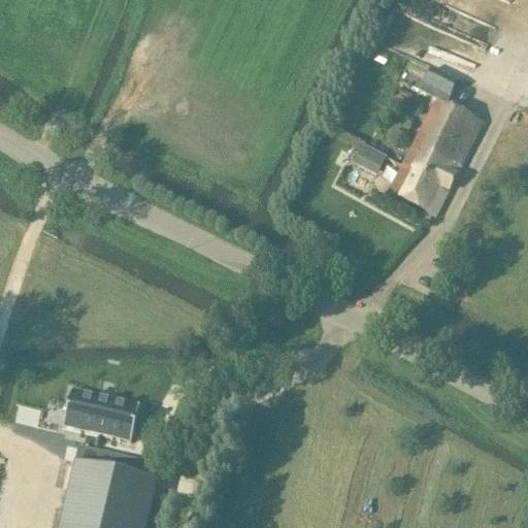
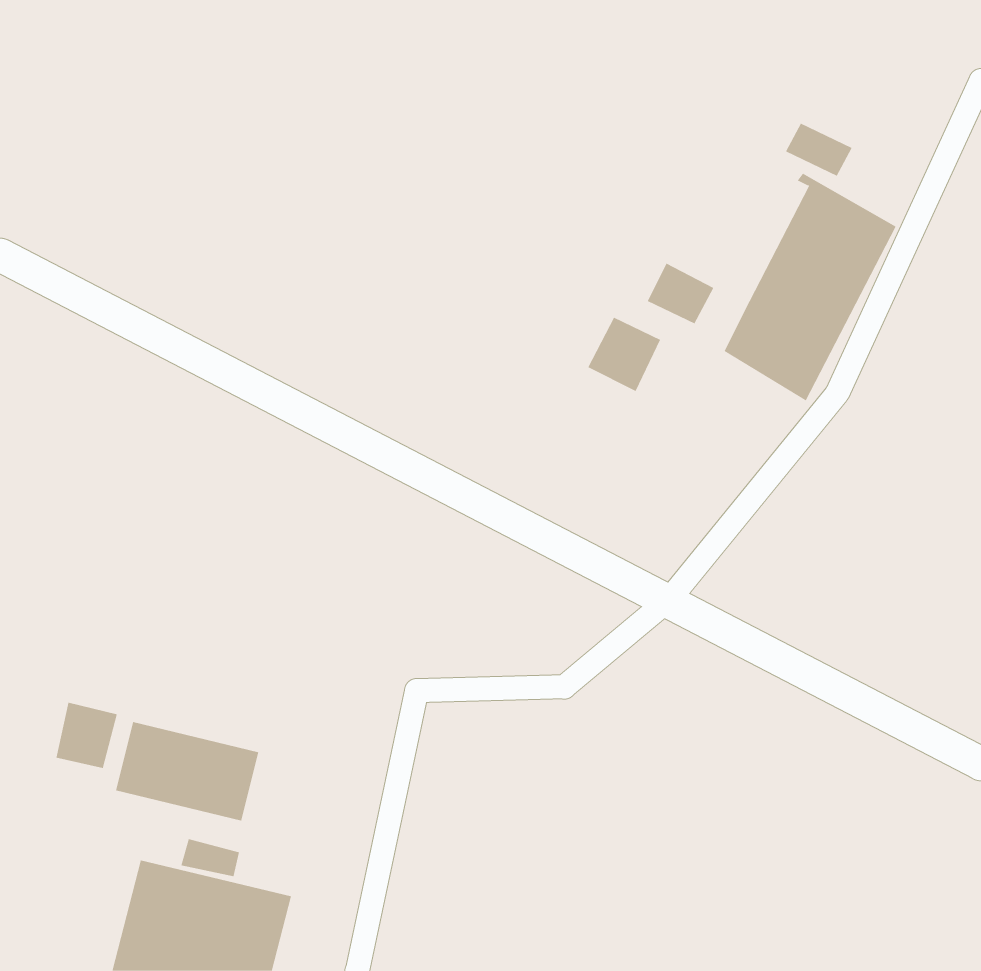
building: none -> [587,317,661,392]
building: none -> [56,702,118,769]

